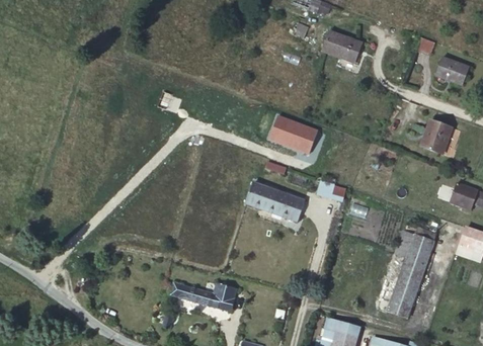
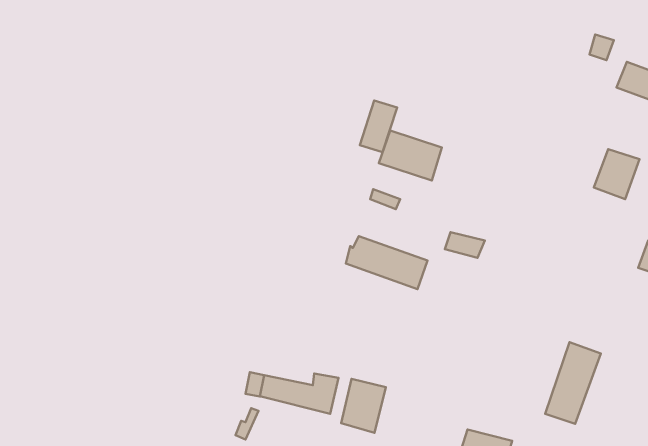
building: [322,28,364,64] -> none
building: none -> [360,101,397,152]
building: [394,226,436,266] -> none
building: none -> [341,379,386,433]

